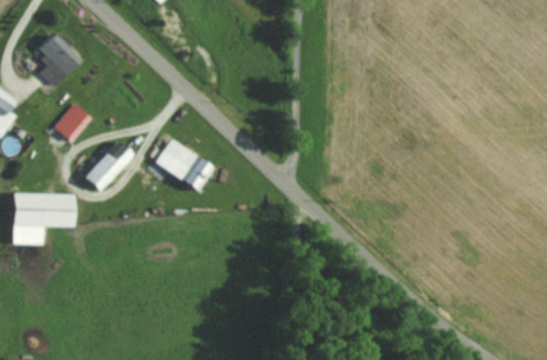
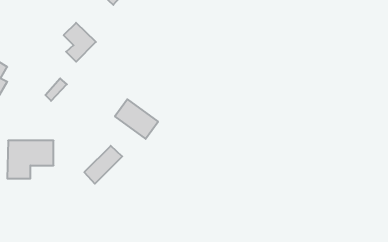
building: [36,34,80,86] -> [64,23,96,62]
building: [84,140,135,191] -> [84,146,122,184]

